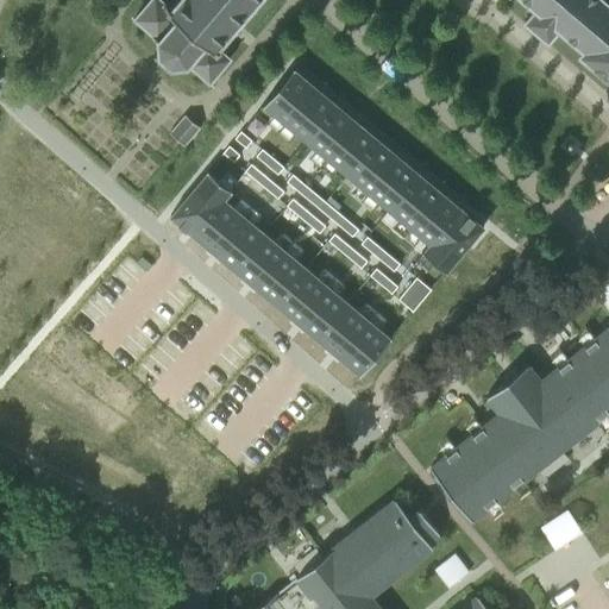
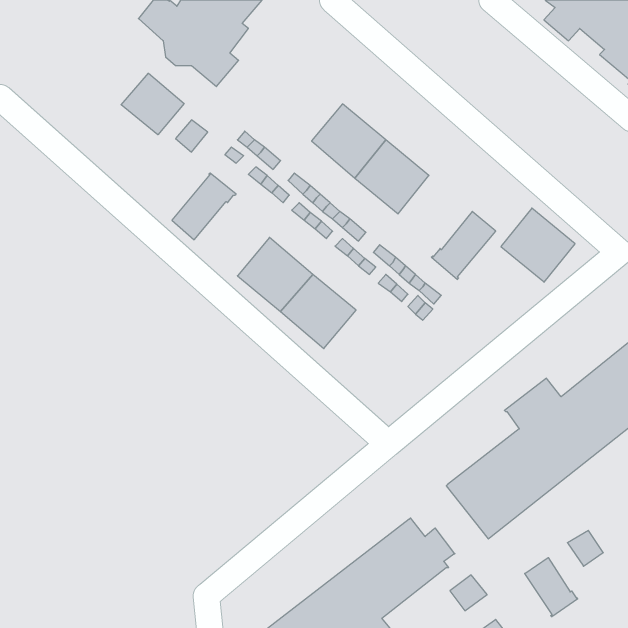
building: [259,67,333,139] -> none
building: none -> [121,73,184,135]
building: [387,172,458,244] -> [501,208,575,282]
building: [190,197,263,269] -> none
building: [315,302,389,375] -> none
building: none -> [525,558,578,617]

